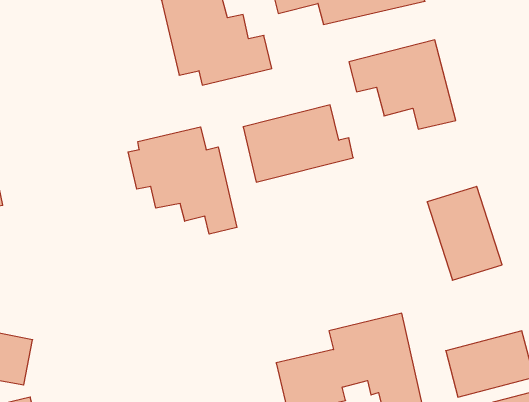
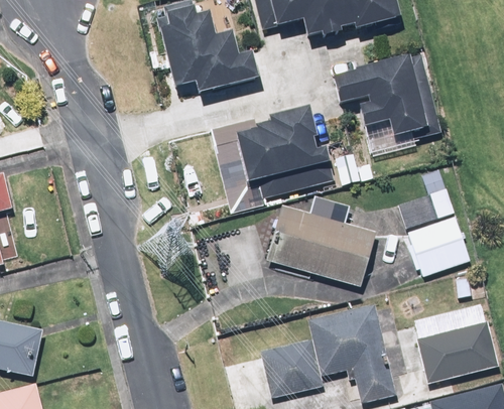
building: [128,127,237,234] -> none
building: none -> [267,195,374,286]

